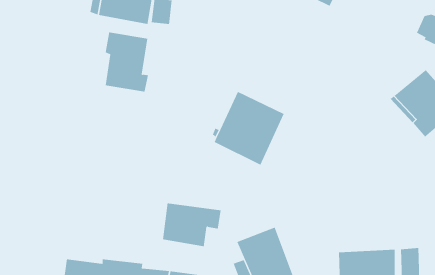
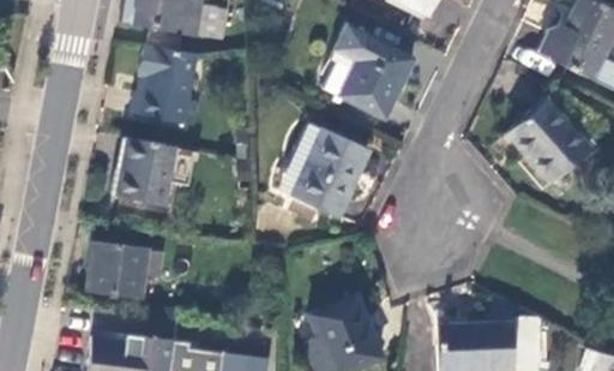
building: none -> [323,26,413,119]
building: none -> [116,137,174,207]
building: [162,203,221,247] -> [88,244,163,300]

